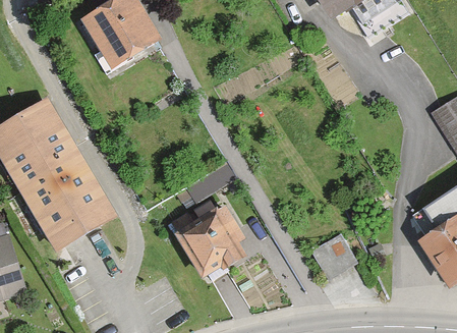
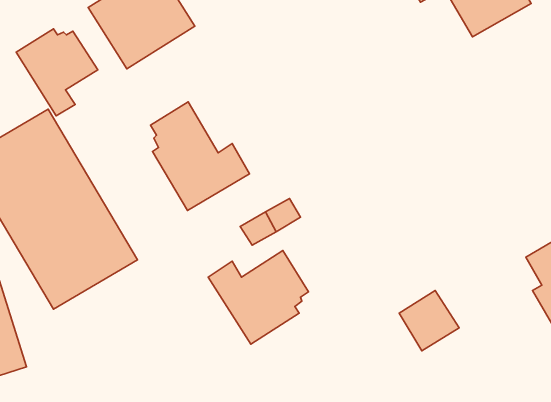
building: none -> [16,29,98,116]
building: none -> [151,102,250,210]

